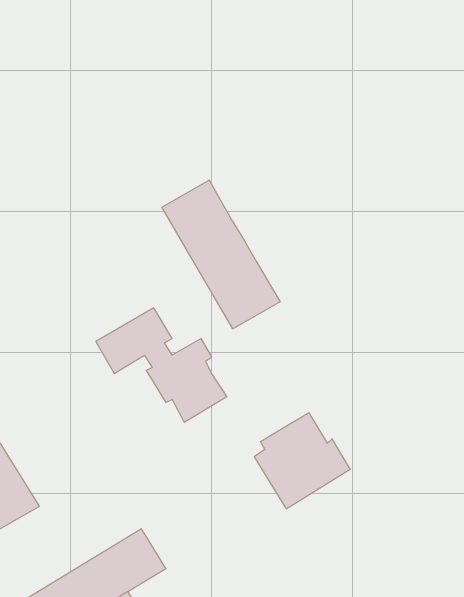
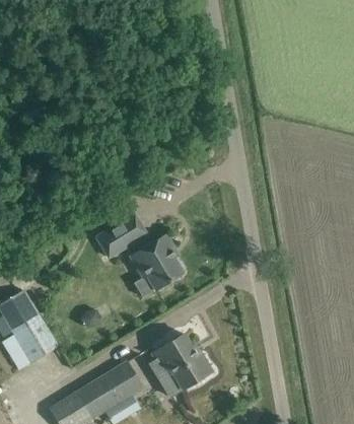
building: [162,180,280,329] -> none
building: [254,413,350,509] -> [147,334,211,398]

